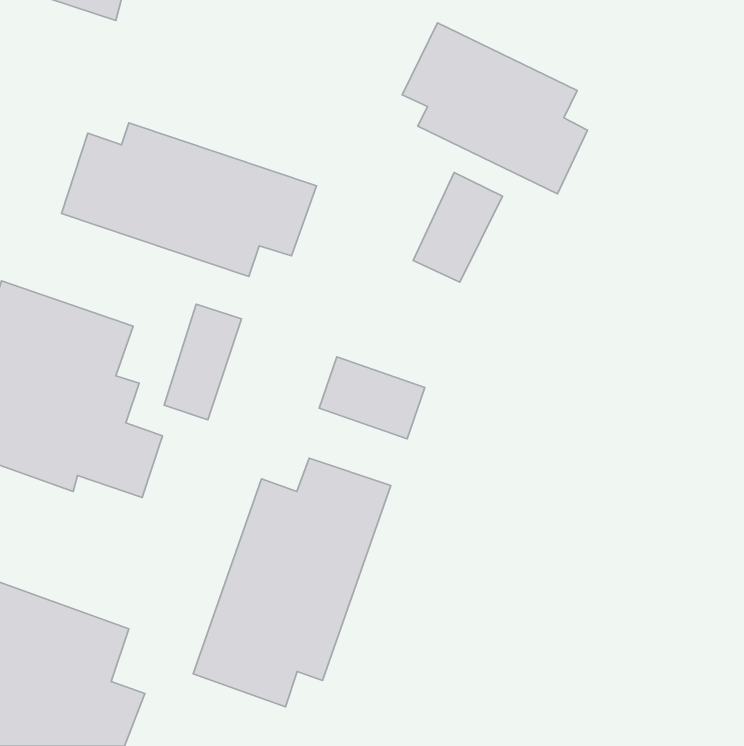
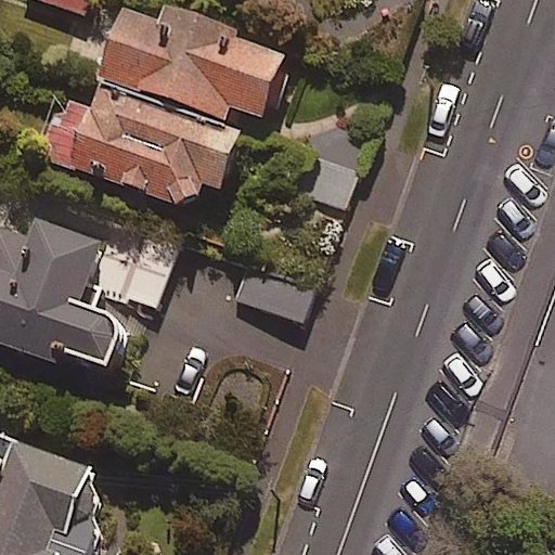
building: none -> [96,7,281,121]
building: [402,23,587,194] -> none
building: [193,458,391,707] -> none

